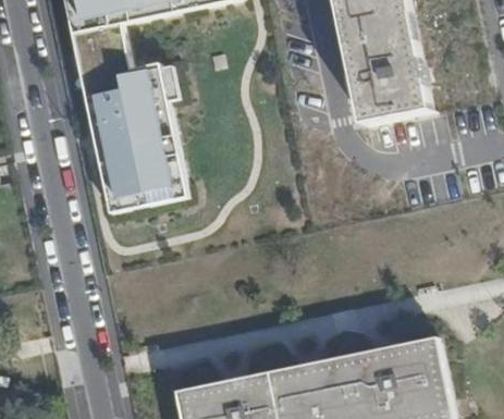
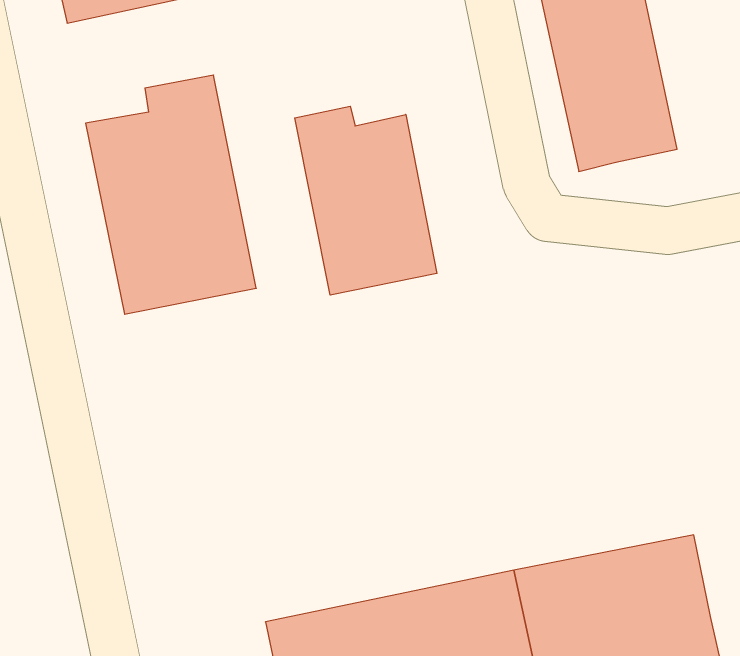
building: none -> [295,106,437,295]

